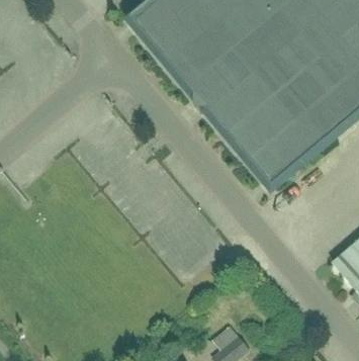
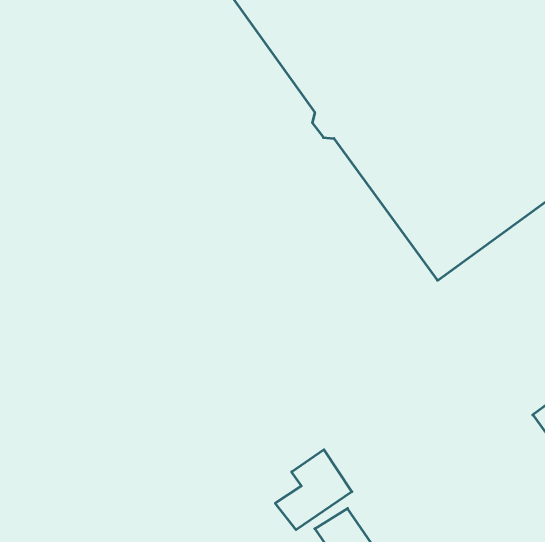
building: none -> [275,450,352,530]

